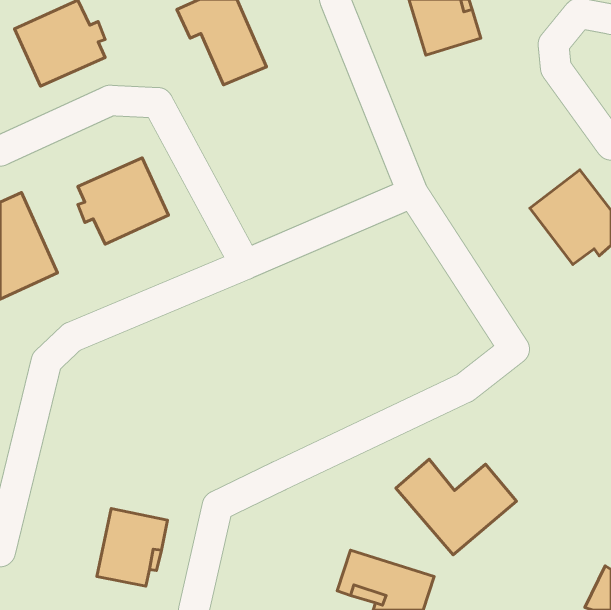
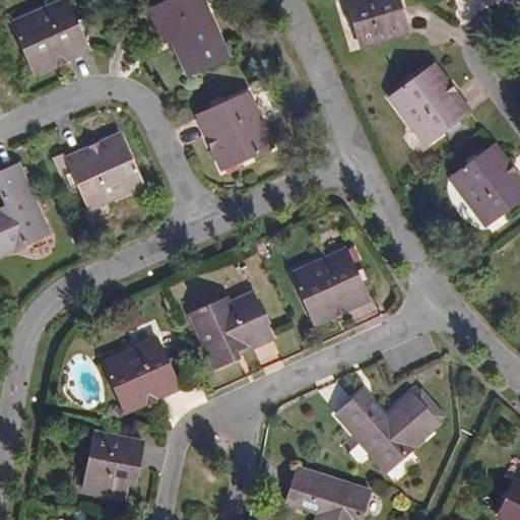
building: none -> [390,64,469,144]
building: none -> [197,92,271,169]
building: none -> [290,249,370,324]
building: none -> [192,294,272,368]
building: none -> [103,337,180,411]

